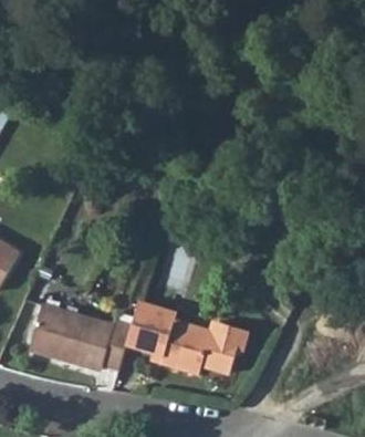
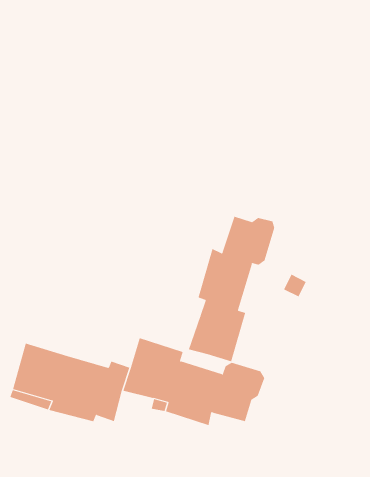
building: none -> [188,216,275,362]

